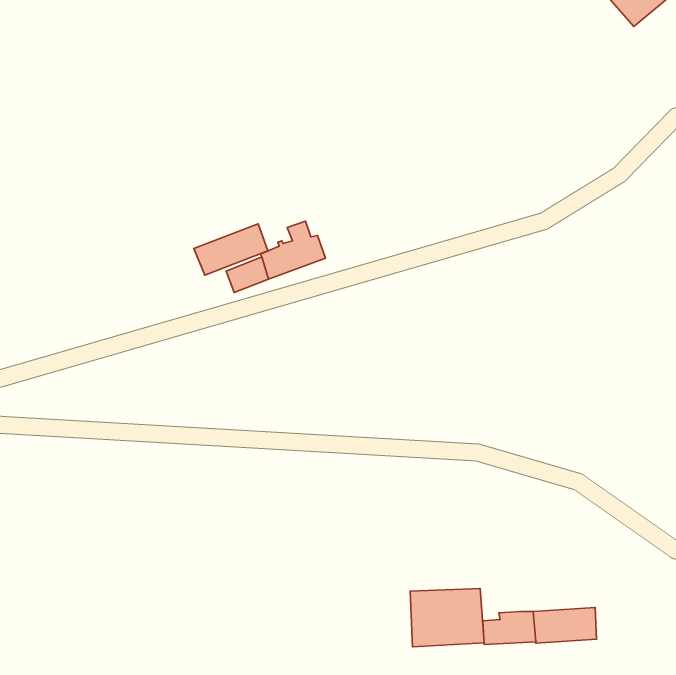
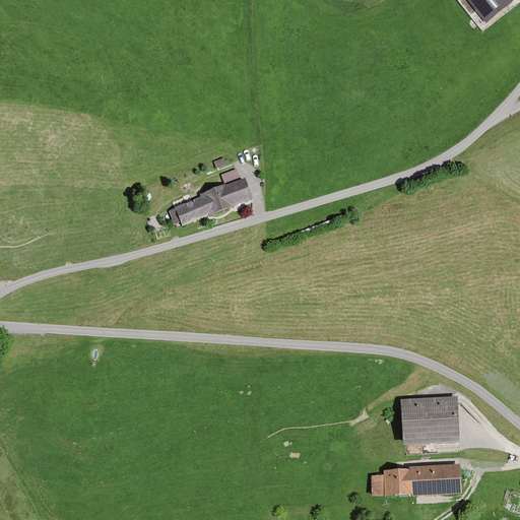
building: [194,224,268,275] -> none
building: [410,589,484,647] -> [402,397,459,442]

